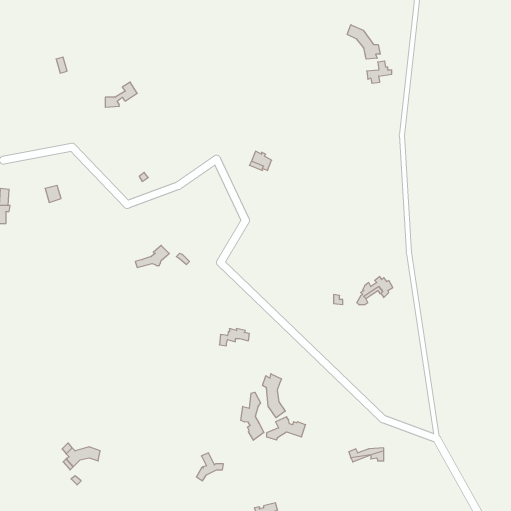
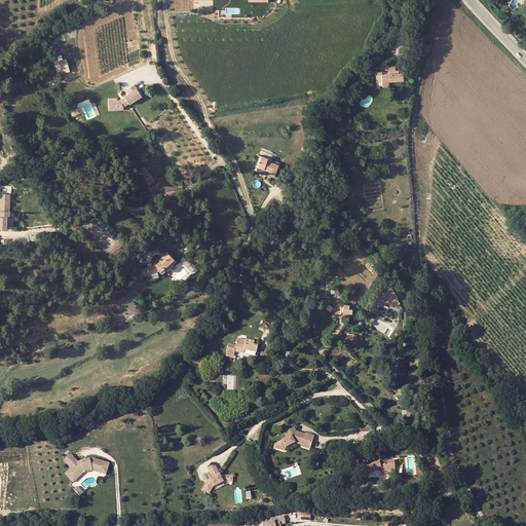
building: [347,25,380,59] -> none
building: [262,374,285,418] -> none
building: [241,392,264,440] -> none

